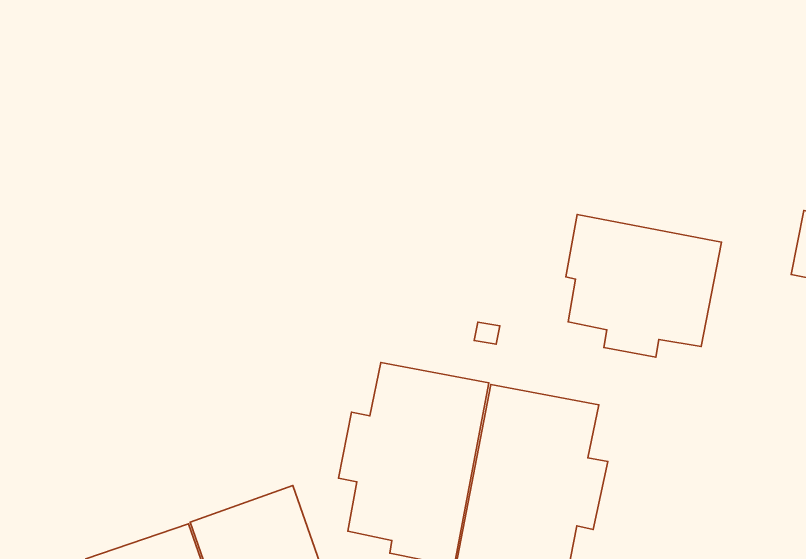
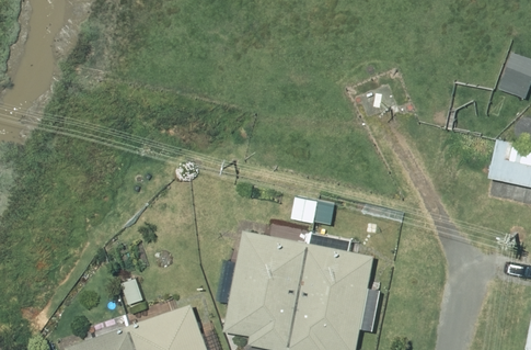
building: [566,215,721,357] -> none

